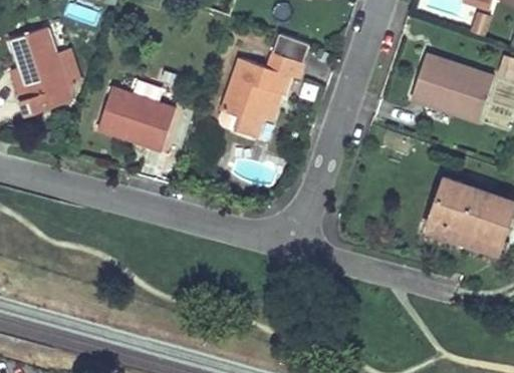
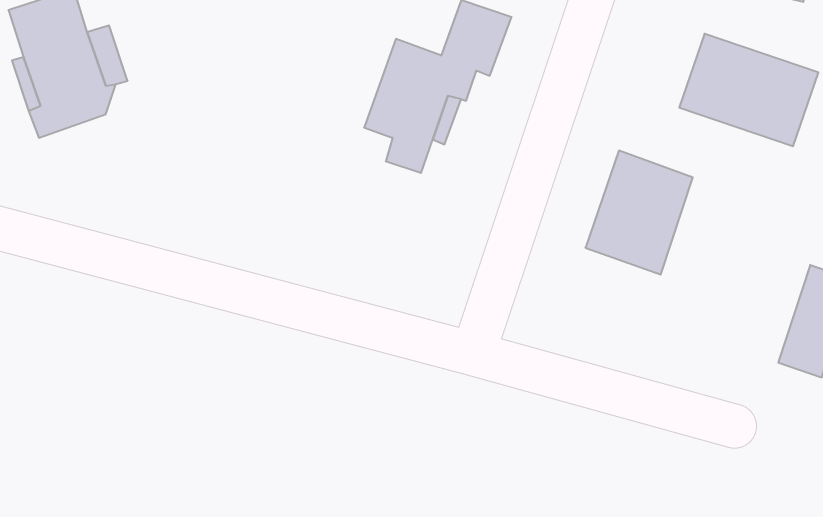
building: [97,86,176,148] -> none
building: [425,175,489,250] -> [585,151,693,275]

